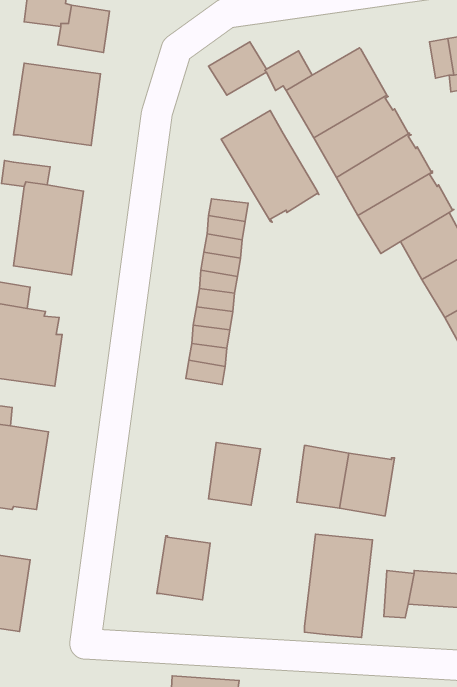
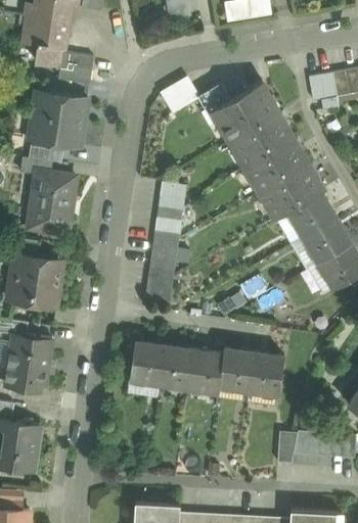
building: [221,111,319,222] -> none
building: none -> [29,140,64,163]
building: none -> [188,350,223,393]
building: [304,534,372,638] -> none
building: [157,536,210,600] -> [129,341,165,384]

